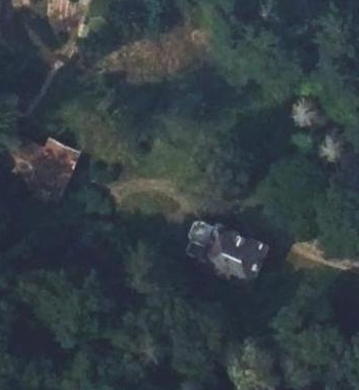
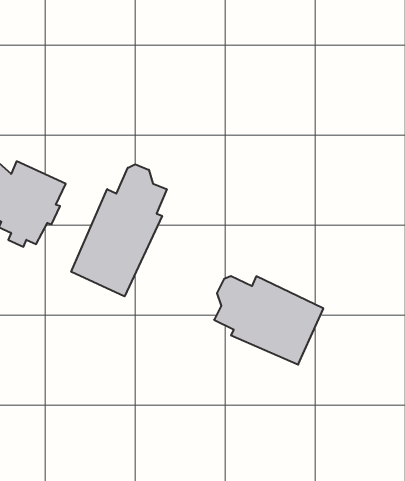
building: none -> [71,164,167,296]

